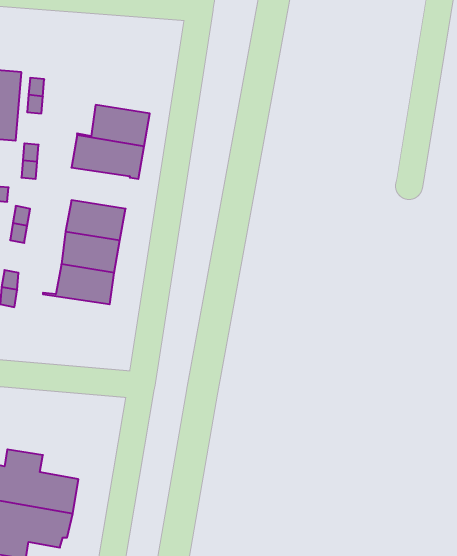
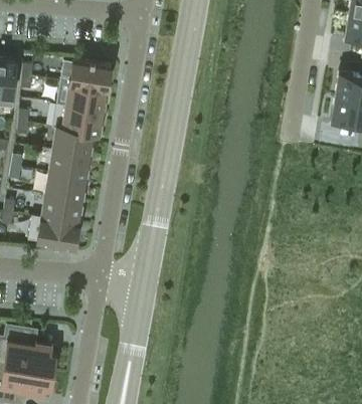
building: none -> [69,59,112,88]
building: none -> [52,127,94,156]
building: none -> [28,216,79,247]

